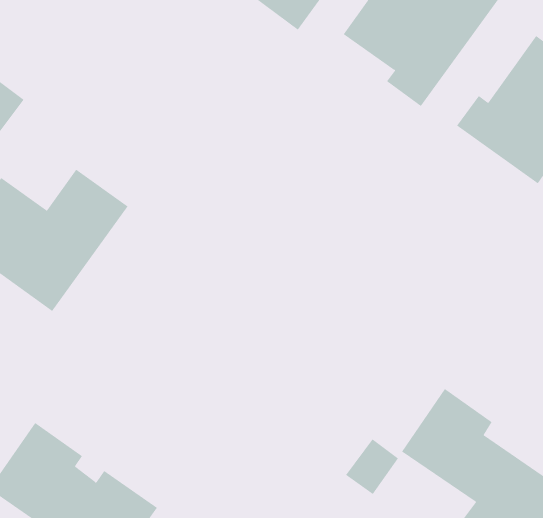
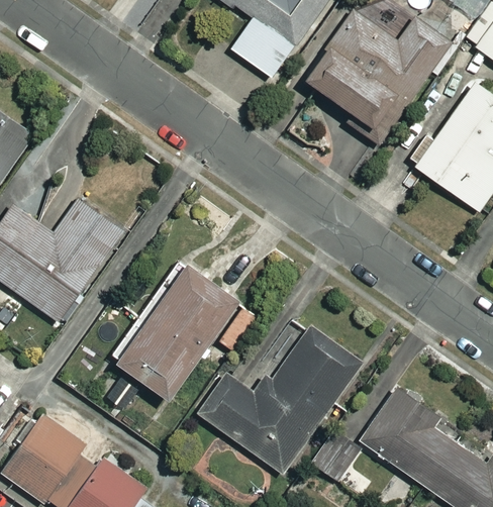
building: none -> [102,261,241,410]
building: none -> [198,327,361,474]

